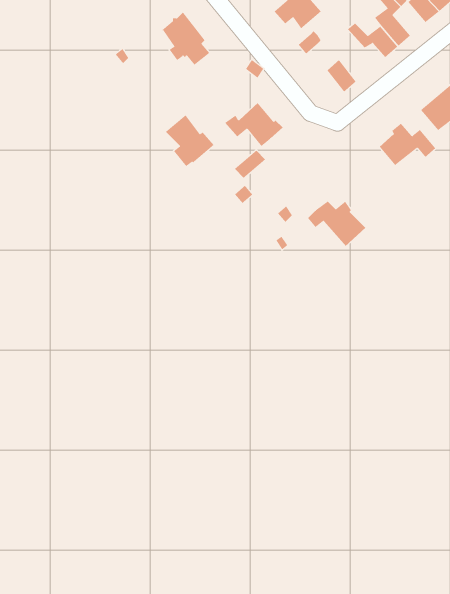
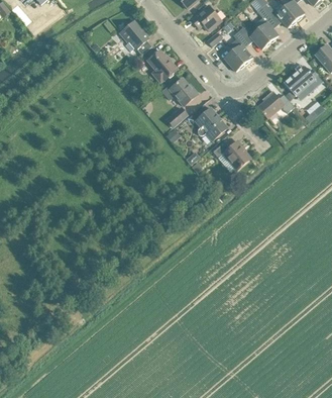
building: none -> [229,31,253,65]
building: [165,114,214,167] -> [146,49,178,83]
building: none -> [189,105,227,140]

